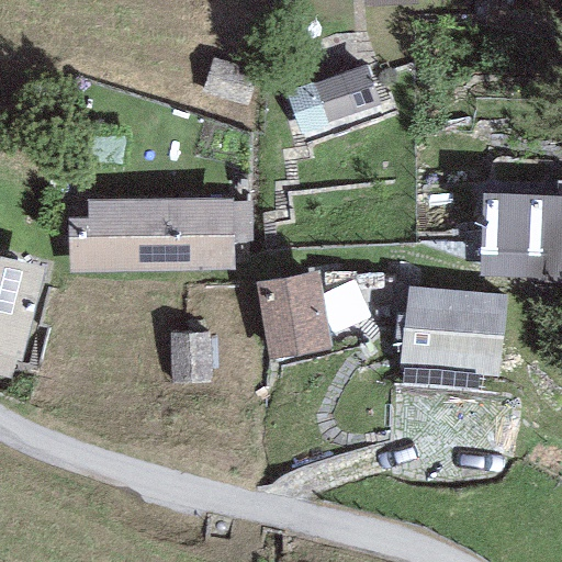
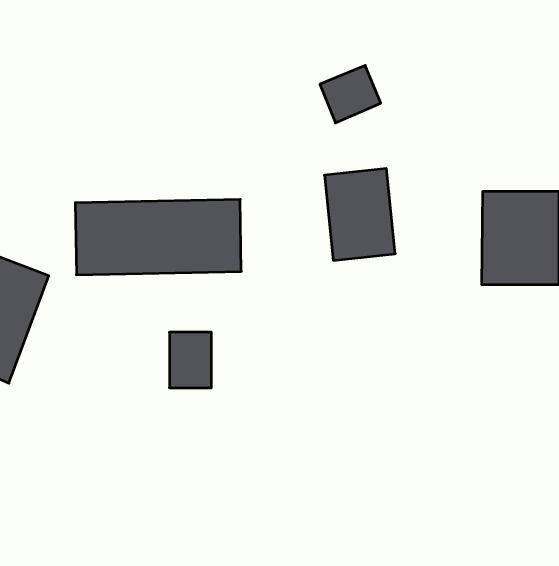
building: [263,271,334,362] -> [324,169,395,260]
building: [400,284,509,374] -> none

